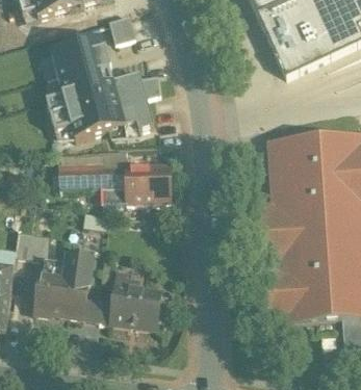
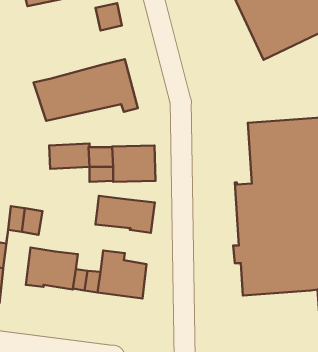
building: [50,33,114,93] -> none
building: none -> [95,196,155,233]
building: [66,254,93,279] -> none

